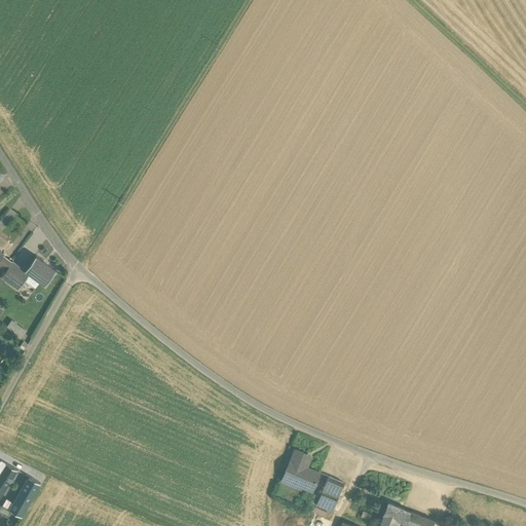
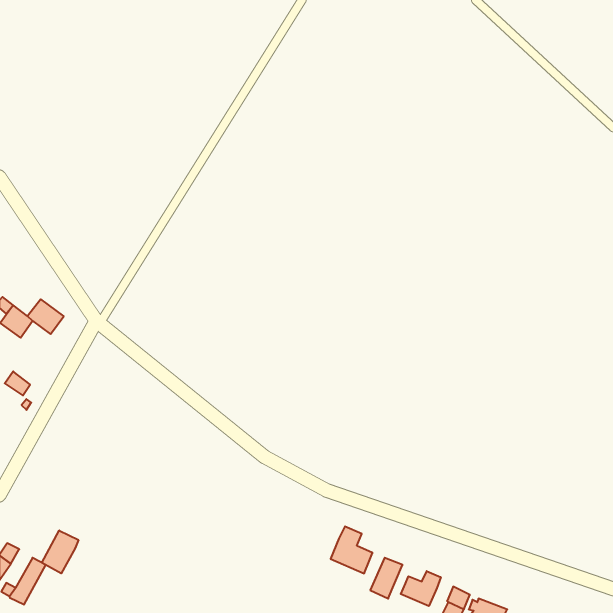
building: none -> [42,530,78,573]
building: none -> [401,571,441,606]

